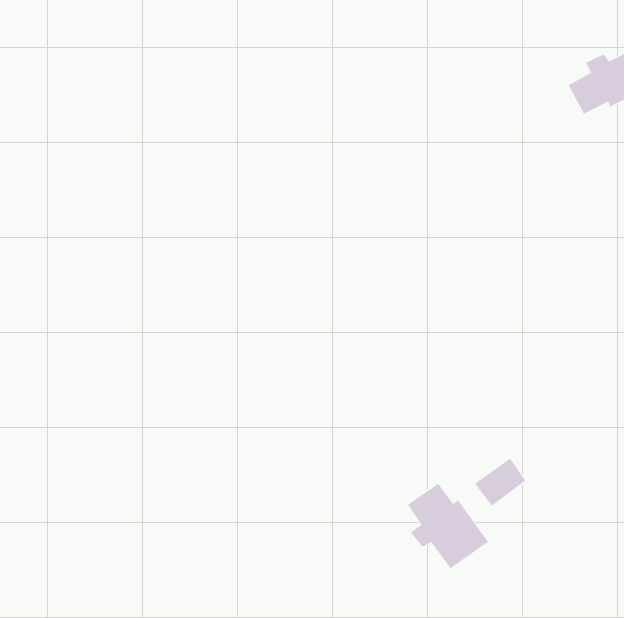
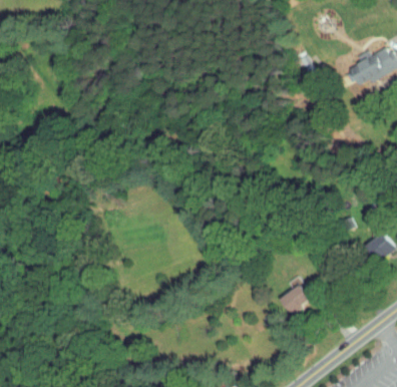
building: [407,483,489,569] -> none

